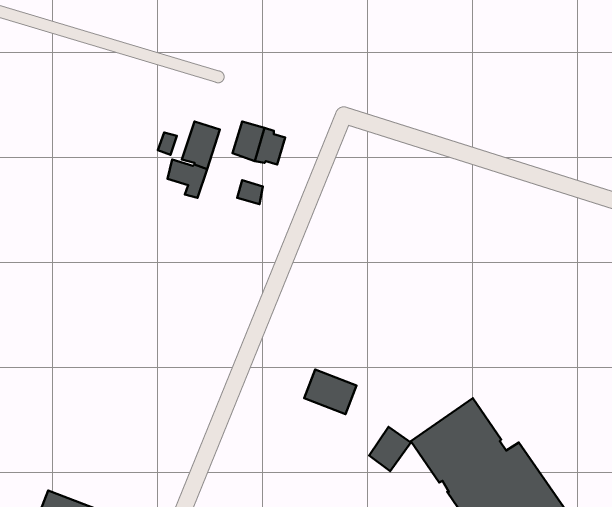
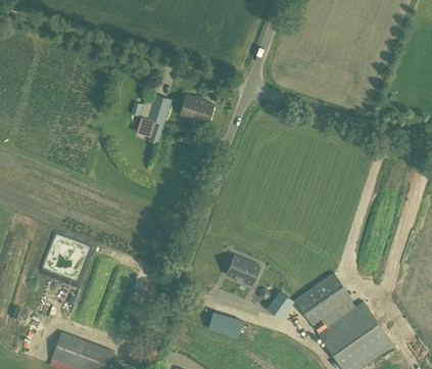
building: none -> [205,312,242,337]

